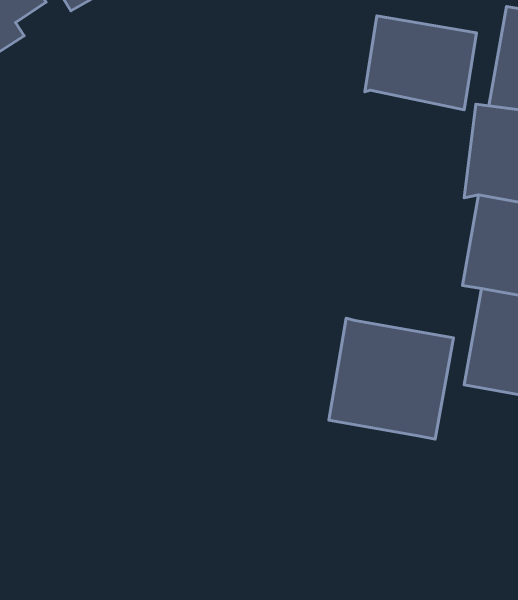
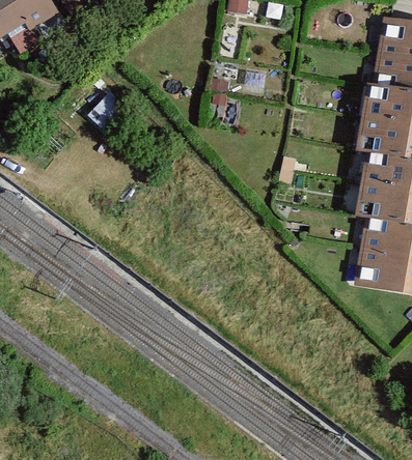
building: [365,16,477,110] -> none
building: [329,318,454,439] -> none

